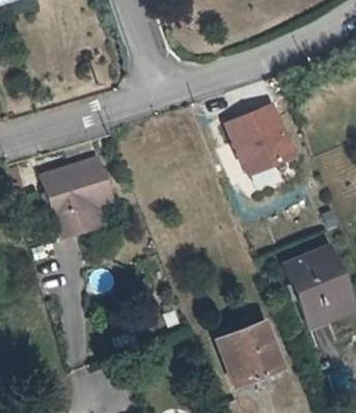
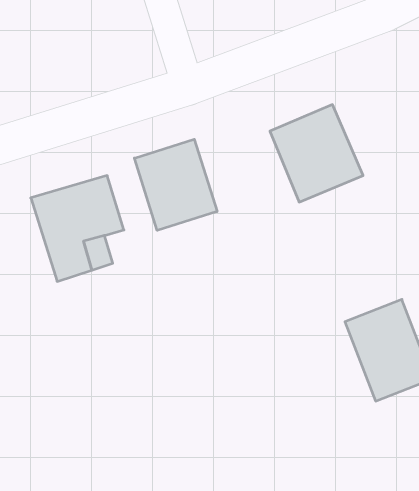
building: none -> [134,139,217,230]
building: [212,318,285,385] -> none

